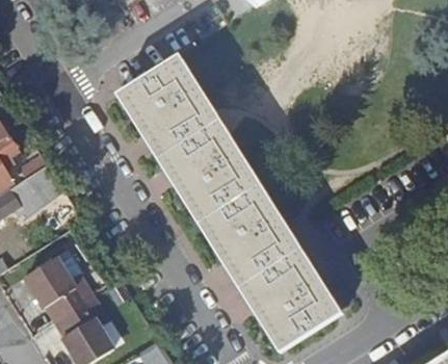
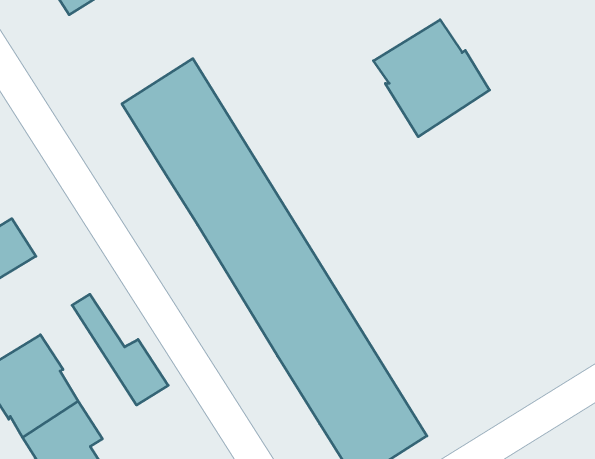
building: none -> [373,20,490,137]
building: none -> [72,294,168,405]

